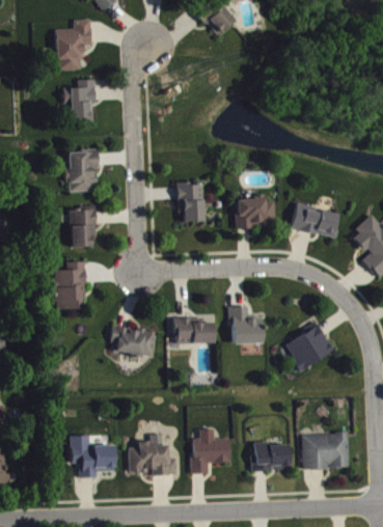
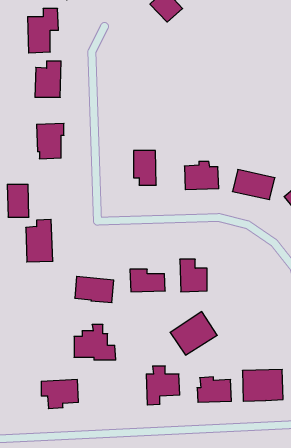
building: [70,209,94,246] -> [7,184,29,217]
building: [279,323,333,372] -> [170,312,217,355]
building: [129,434,176,474] -> [74,325,116,360]

